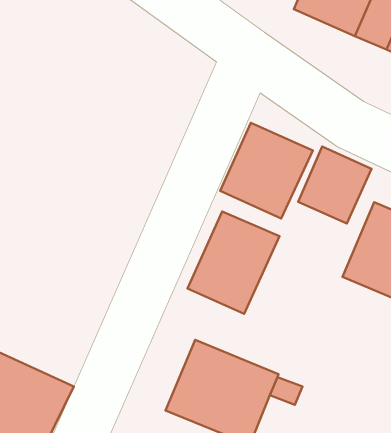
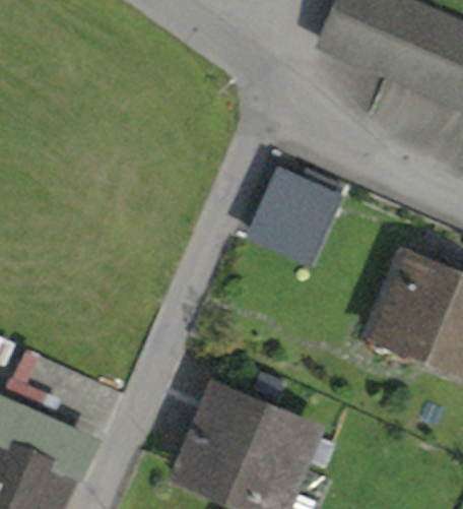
building: [298,147,372,224] -> none
building: [187,211,279,314] -> none

